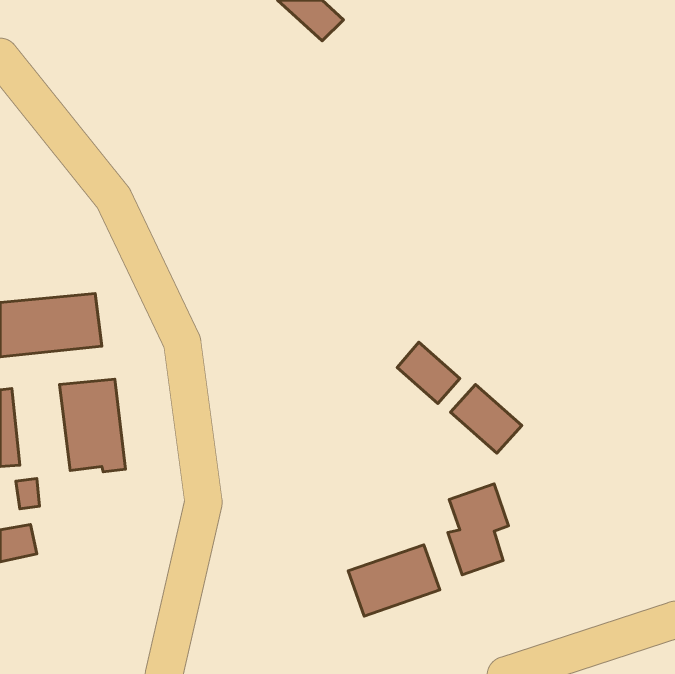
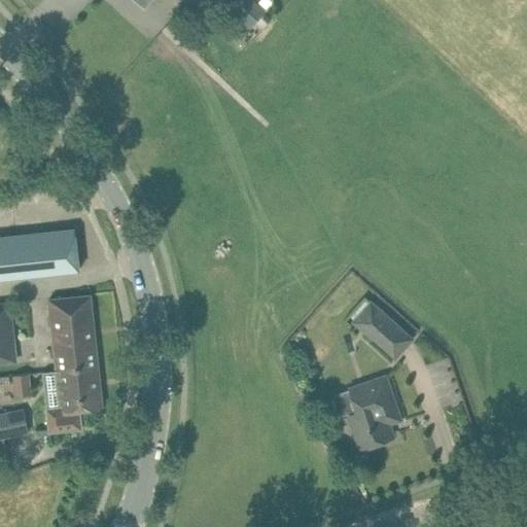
building: [397,342,460,404] -> none
building: none -> [45,364,102,432]
building: [348,545,440,616] -> none

